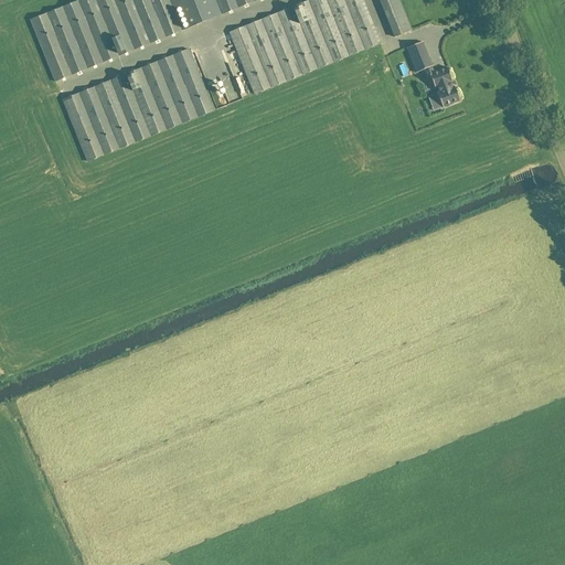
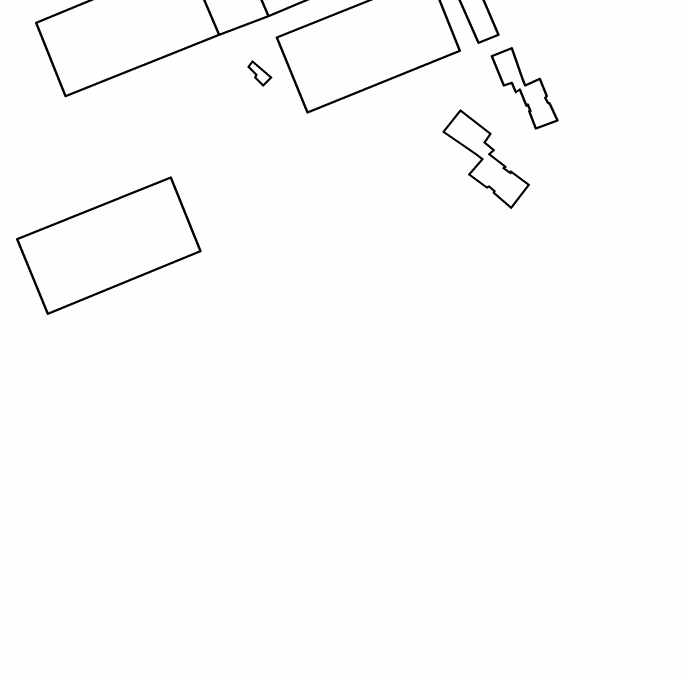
building: [62,47,213,160] -> [17,178,200,314]
building: none -> [443,111,529,208]

